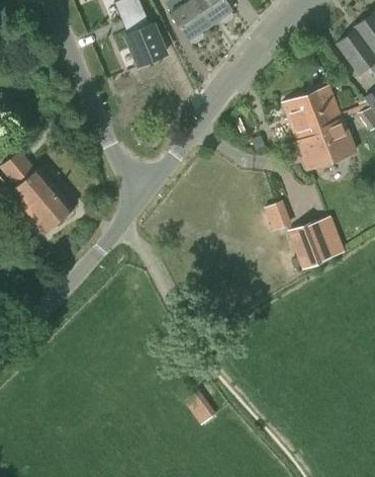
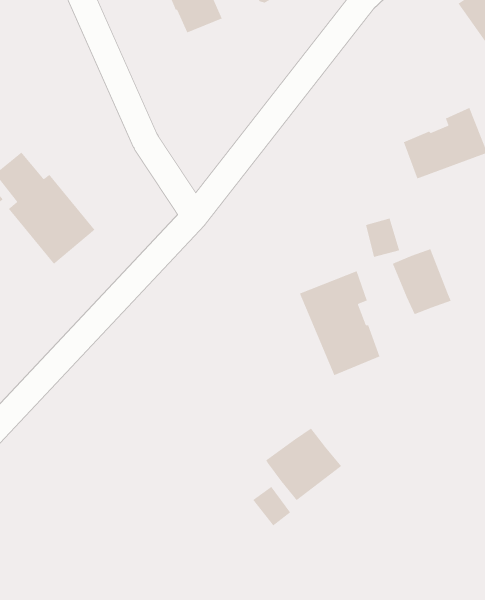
building: [282,85,345,144] -> none
building: none -> [299,270,381,376]
building: none -> [265,428,342,501]

